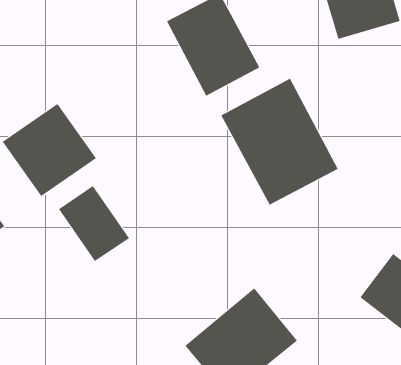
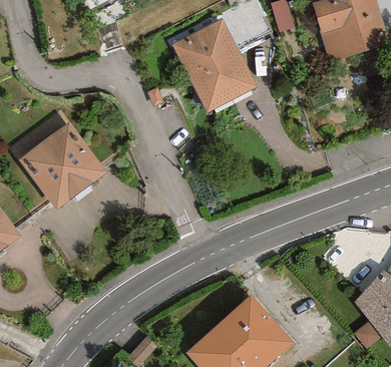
building: [221,78,338,205] -> none
building: [58,185,130,262] -> none

